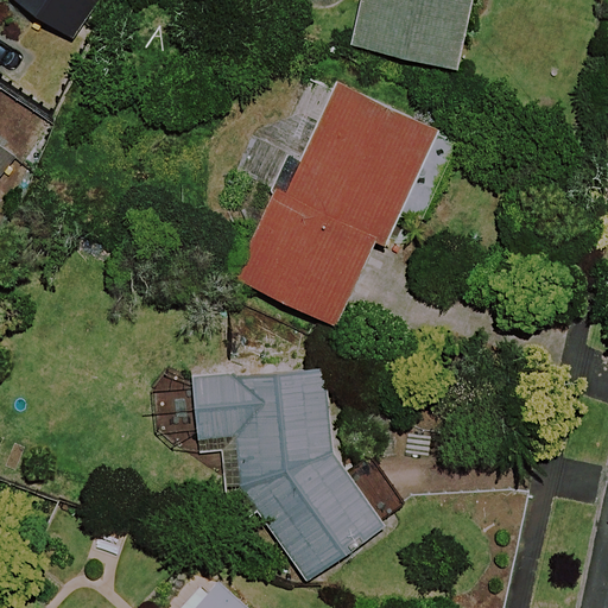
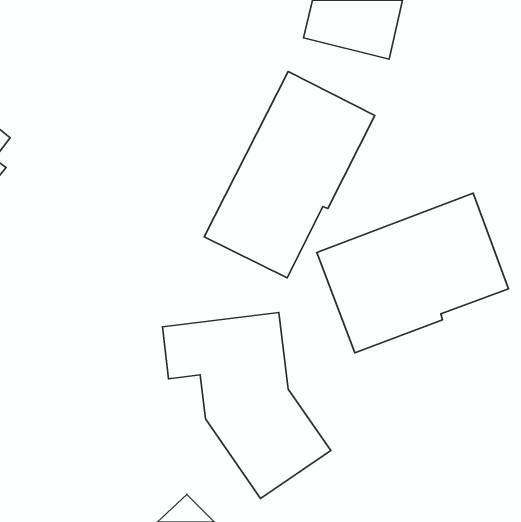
building: none -> [317,193,509,353]

